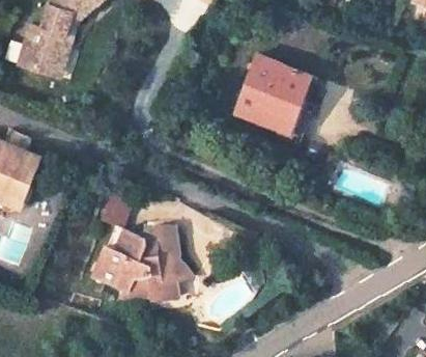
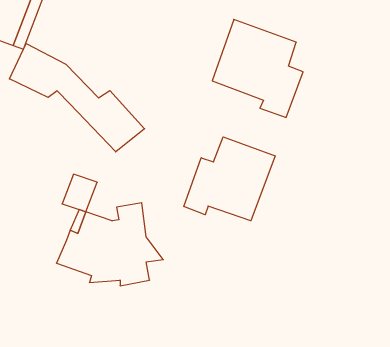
building: none -> [9,43,145,152]
building: none -> [184,137,275,221]

